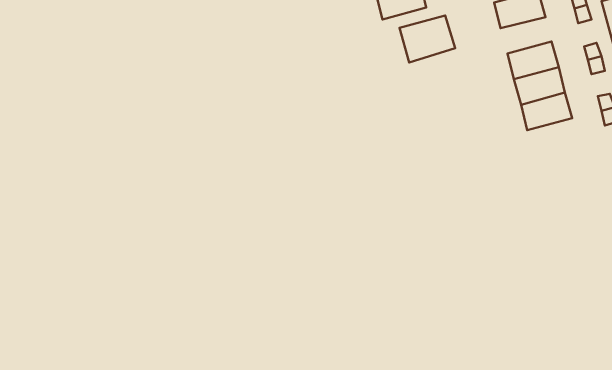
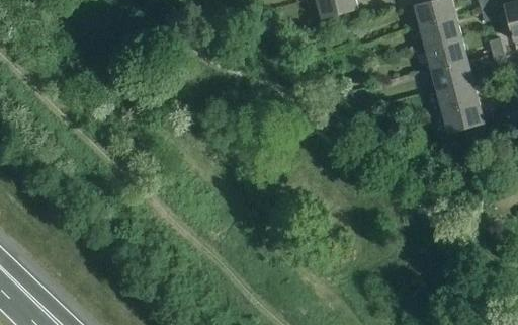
building: [400,16,455,63] -> none
building: none -> [419,17,461,48]
building: none -> [441,101,484,133]

